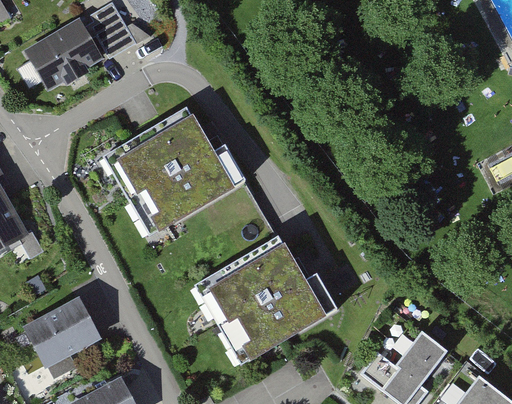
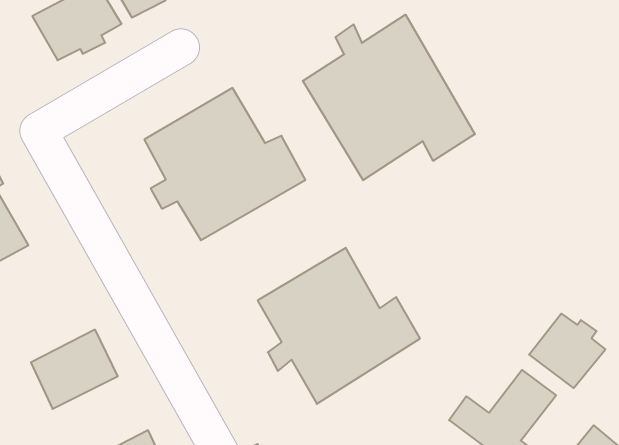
building: none -> [303,15,475,180]
building: none -> [529,314,605,388]

